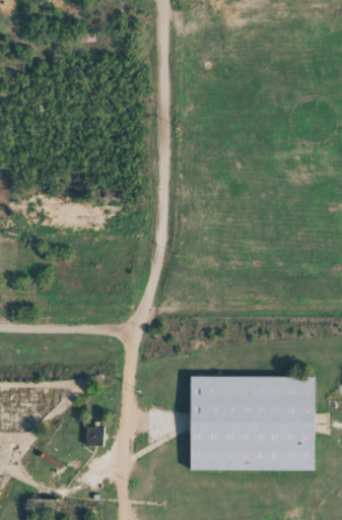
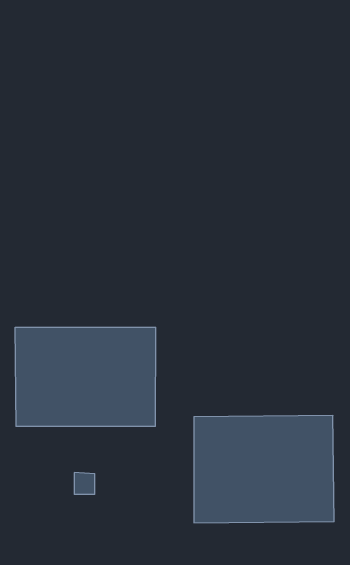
building: none -> [15,327,156,426]

